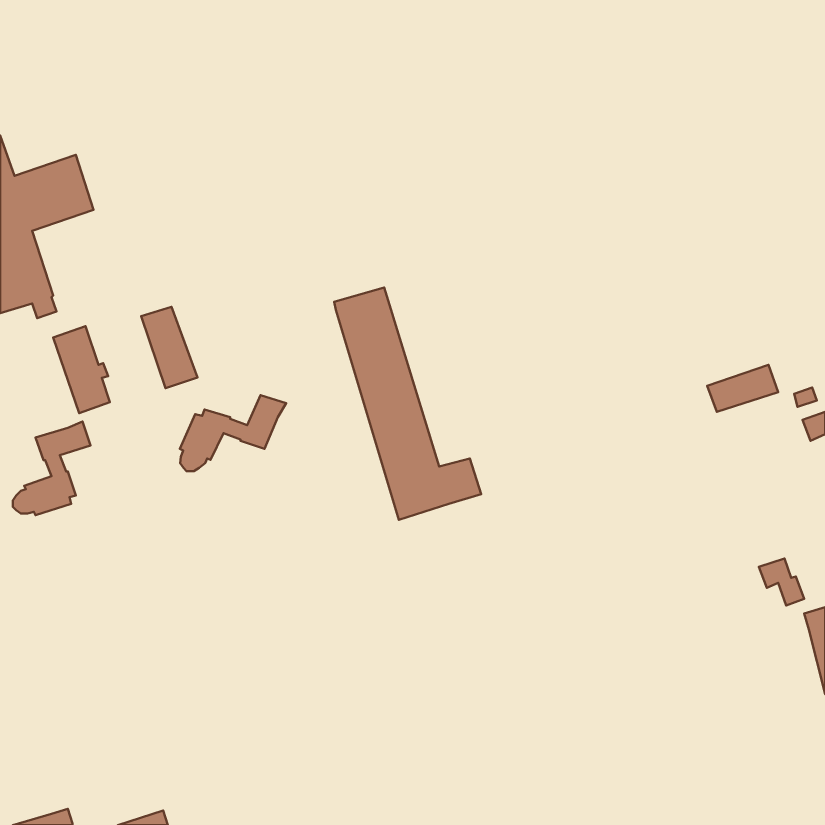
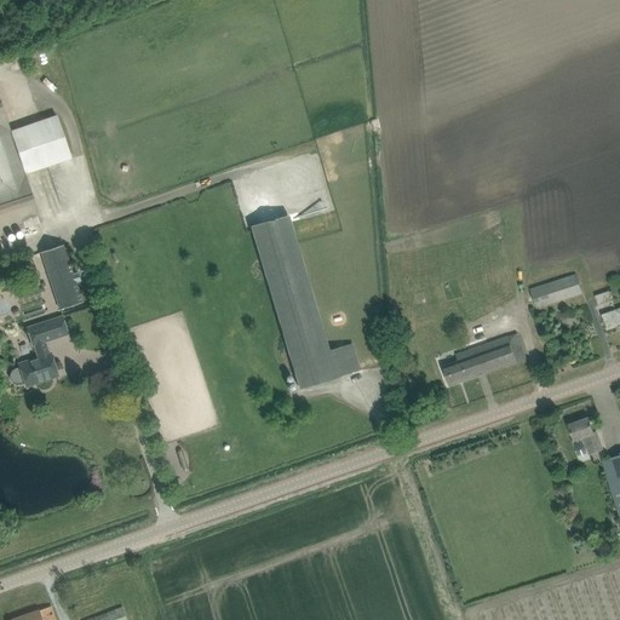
building: [141,307,197,388] -> none
building: [180,395,286,471] -> none
building: none -> [443,333,527,385]

